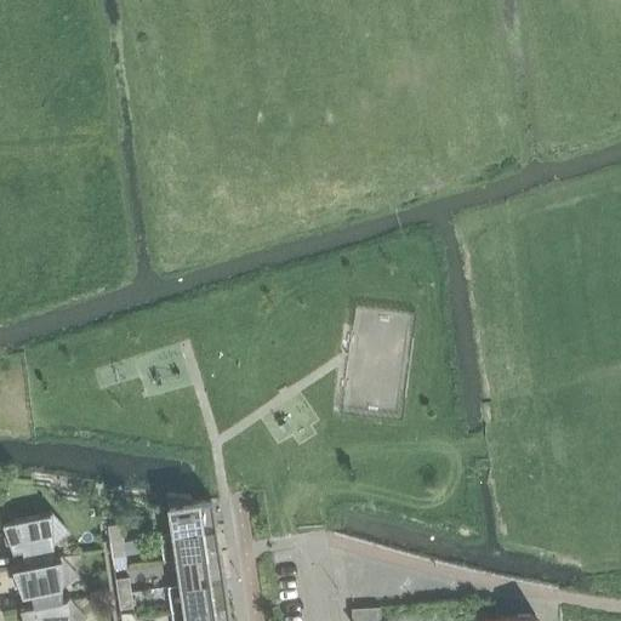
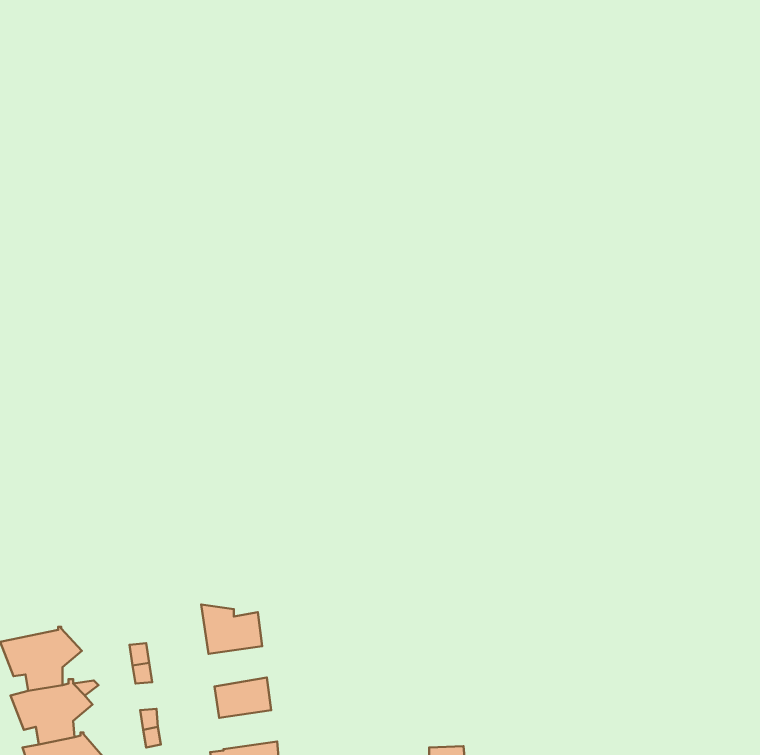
building: [161,531,218,565] -> none
building: [180,583,227,615] -> none

